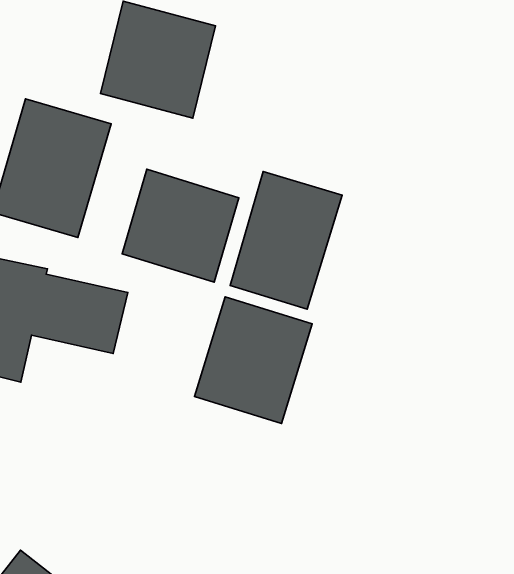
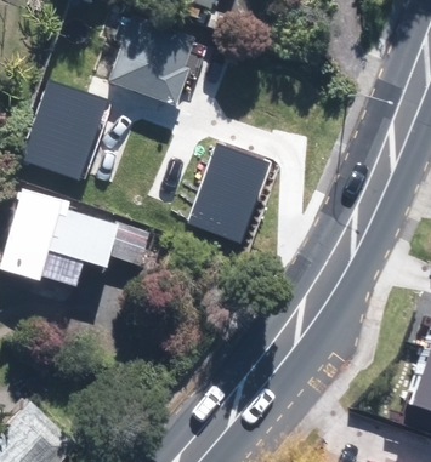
building: [122,169,239,282] -> none
building: [194,297,312,423] -> none

